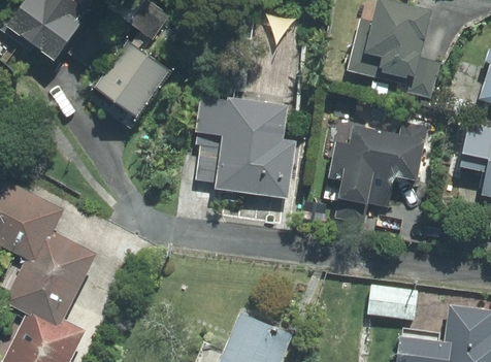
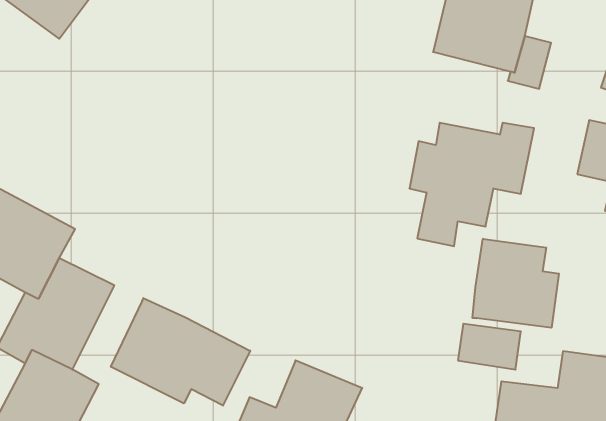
building: [95,41,170,118] -> none
building: [195,97,297,199] -> none
building: none -> [473,239,559,328]
building: none -> [111,298,250,406]

